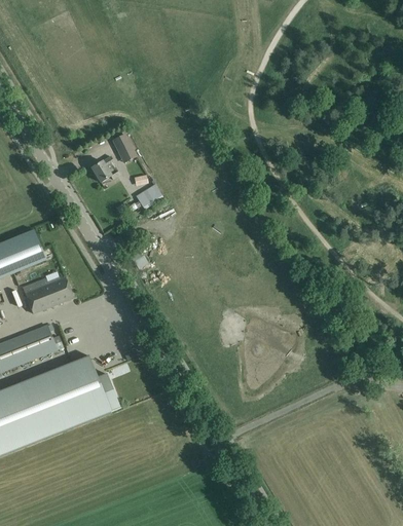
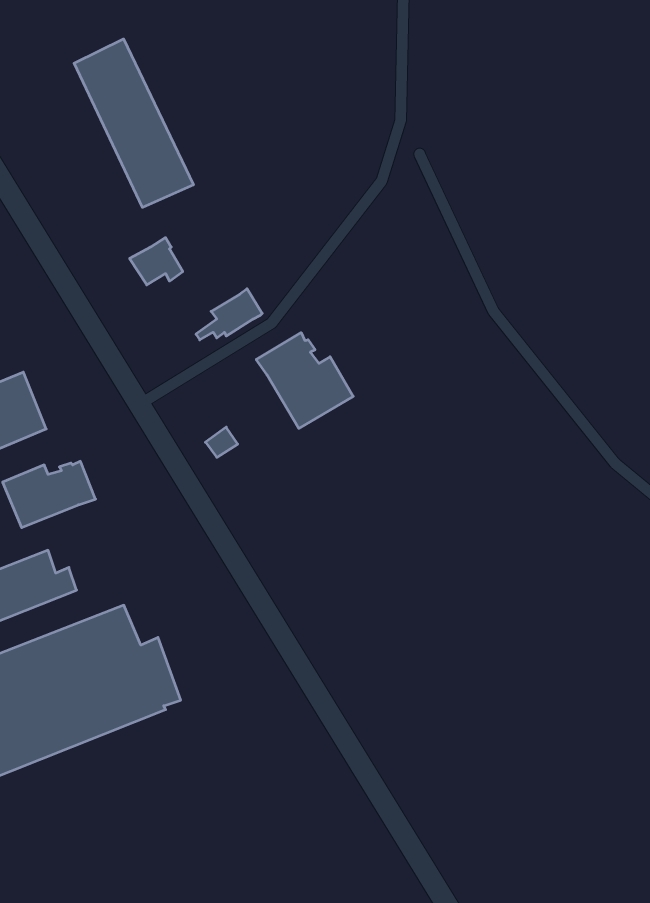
building: none -> [74,39,193,207]
building: [112,132,137,162] -> none
building: none -> [256,333,353,428]

